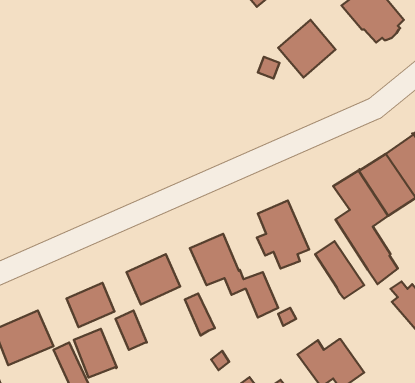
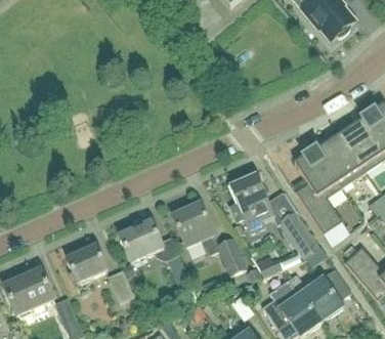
building: [278,20,336,77] -> none
building: none -> [289,267,350,321]
building: [74,329,117,377] -> none

